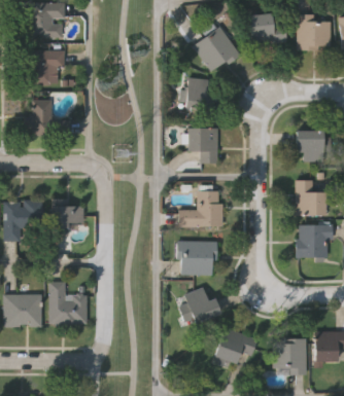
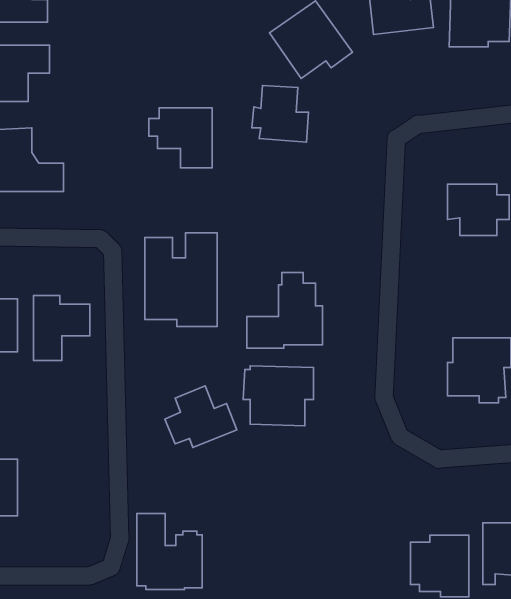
building: [182,129,219,164] -> [149,108,212,168]
building: none -> [145,233,217,326]
building: [295,180,325,216] -> none
building: [49,282,88,326] -> [137,514,202,589]
building: [180,286,222,322] -> [165,386,237,447]
building: [216,326,260,362] -> none

